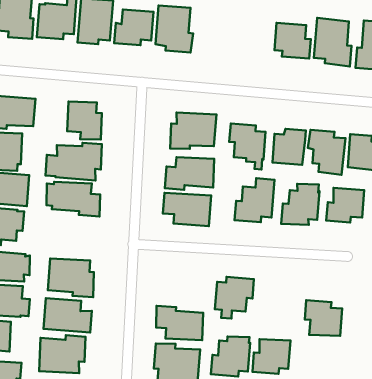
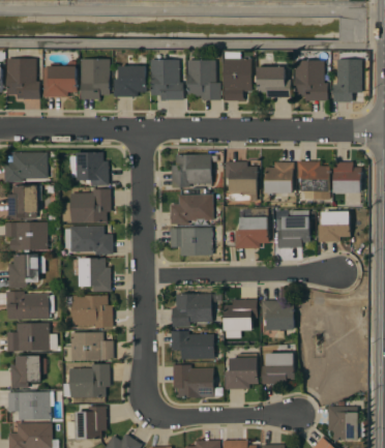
building: none -> [188,60,220,100]
building: none -> [225,59,253,101]
building: none -> [79,259,110,292]
building: none -> [172,294,212,327]
building: [305,300,342,336] -> [261,300,294,331]

